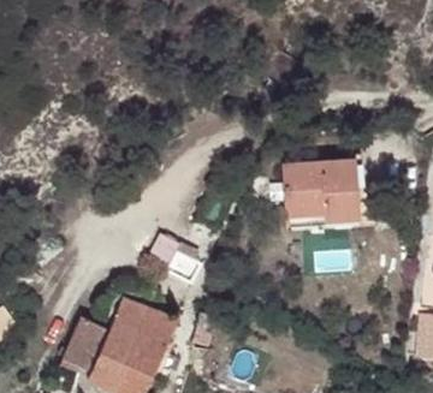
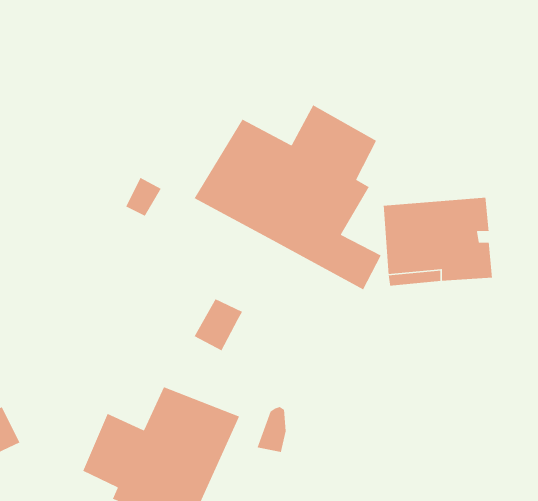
building: none -> [194,104,382,290]

